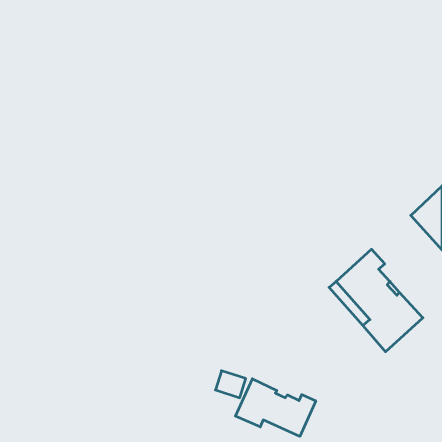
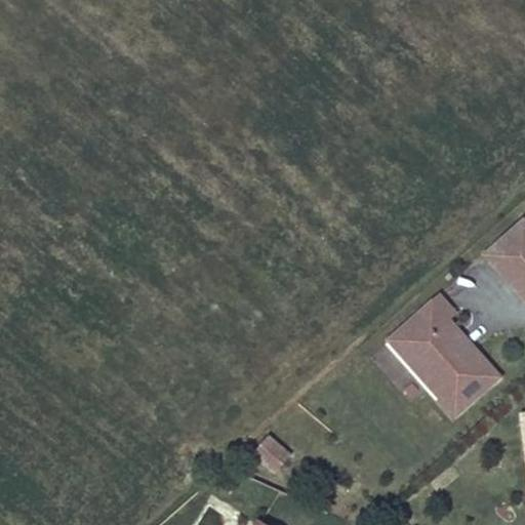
building: [235,379,316,436] -> none

